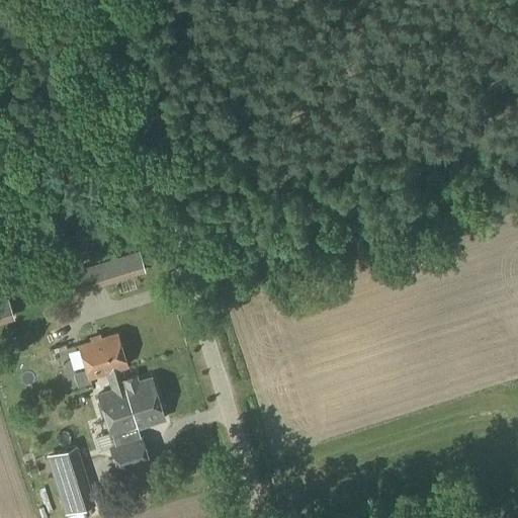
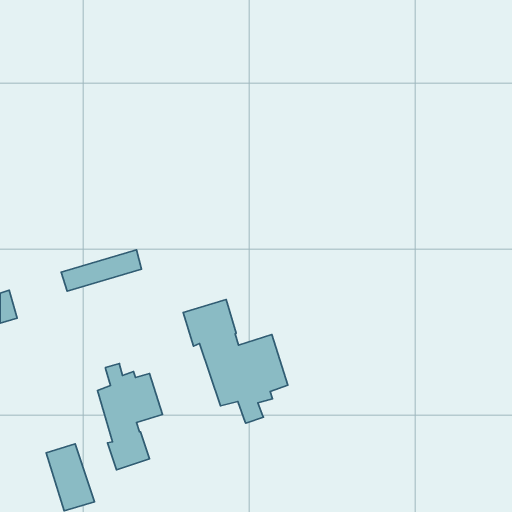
building: none -> [183,299,288,423]
building: [79,332,127,377] -> none

